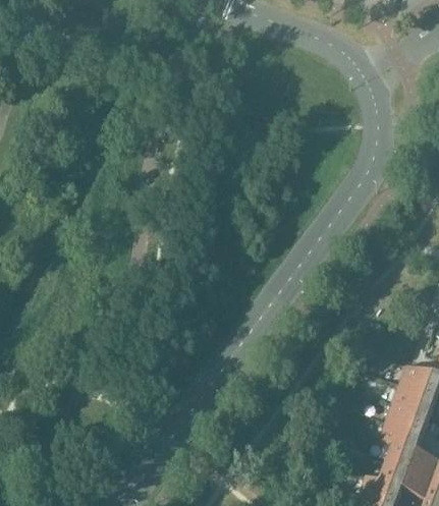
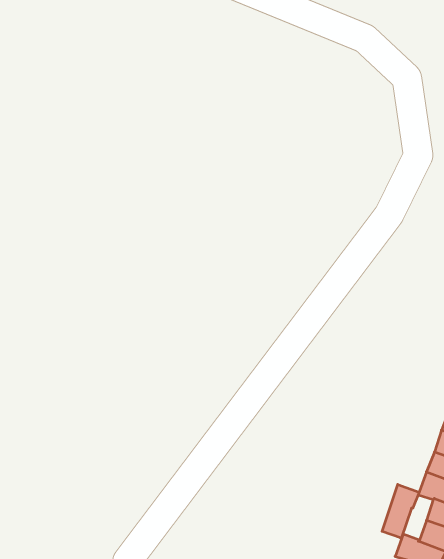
building: none -> [382,484,419,539]

